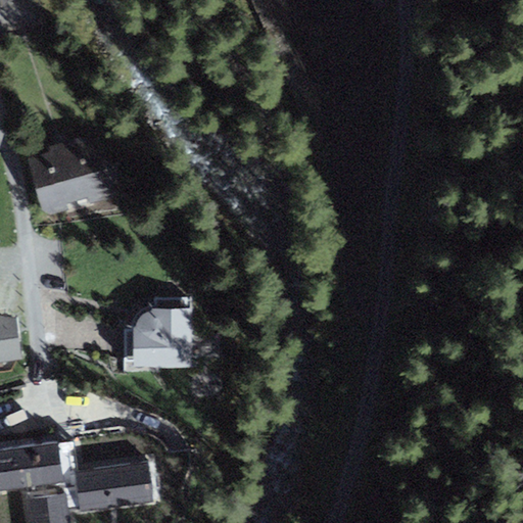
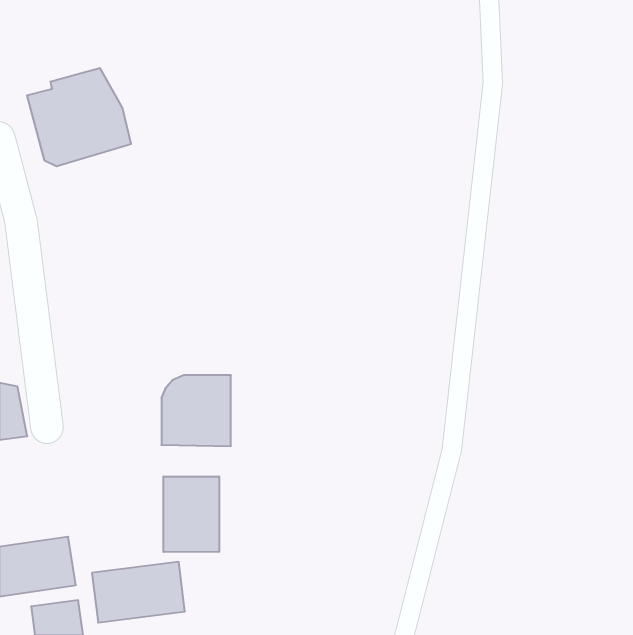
building: [28,135,113,216] -> [27,68,131,166]
building: none -> [163,476,219,552]

